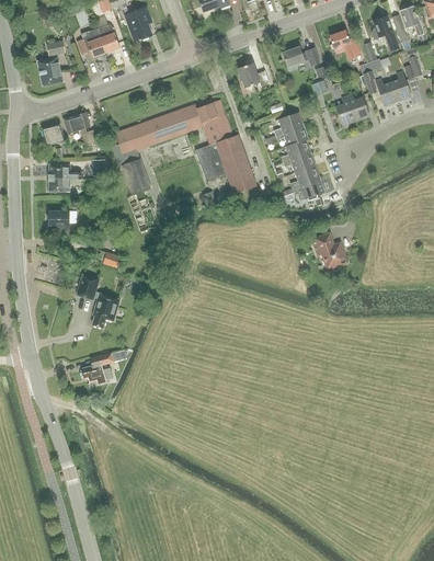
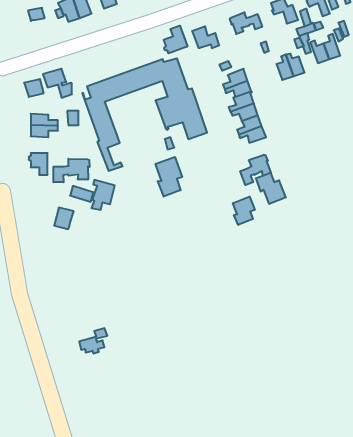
building: [36,55,61,85] -> none
building: none -> [164,26,187,53]
building: none -> [240,155,271,185]
building: none -> [156,157,182,197]
building: none -> [53,159,89,182]
building: none -> [233,197,255,225]
building: [91,291,118,327] -> [91,180,115,210]
building: [81,353,114,382] -> [79,328,107,354]

